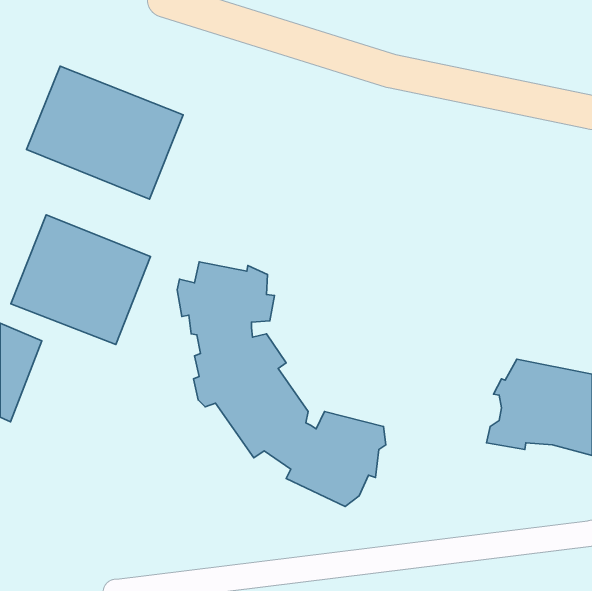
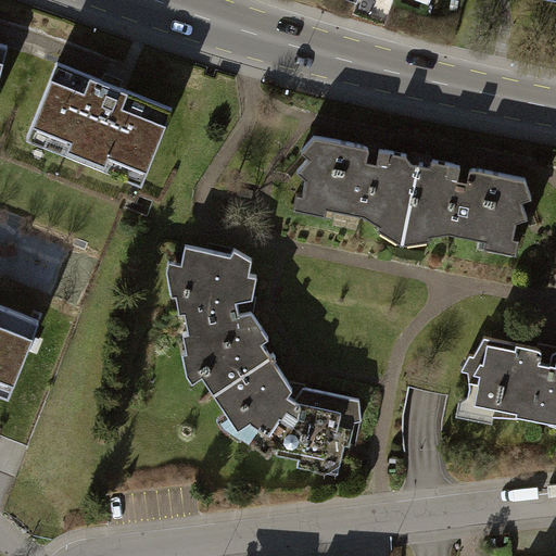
building: none -> [293,138,531,254]
building: [11,215,151,344] -> none

